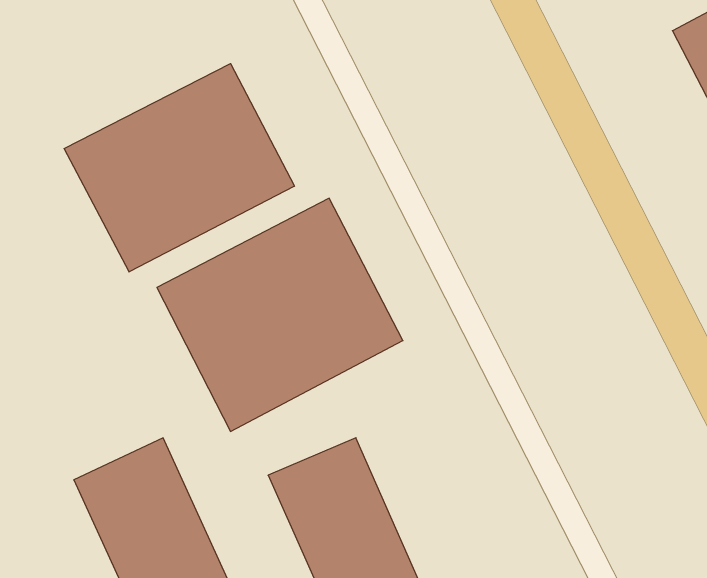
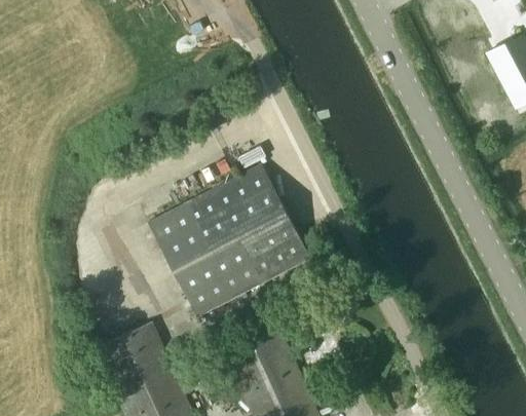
building: [64,64,294,272] -> none

